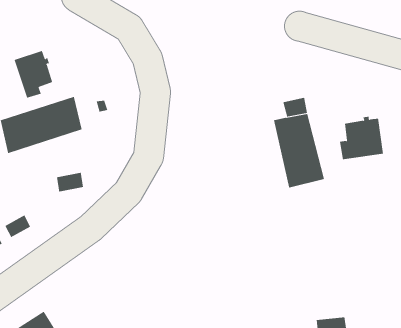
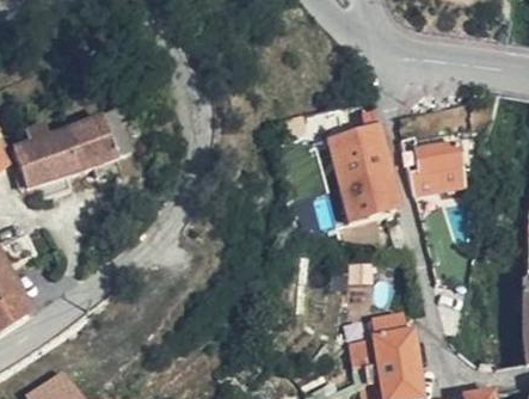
building: [14,50,53,99] -> none
building: none -> [362,314,419,380]

